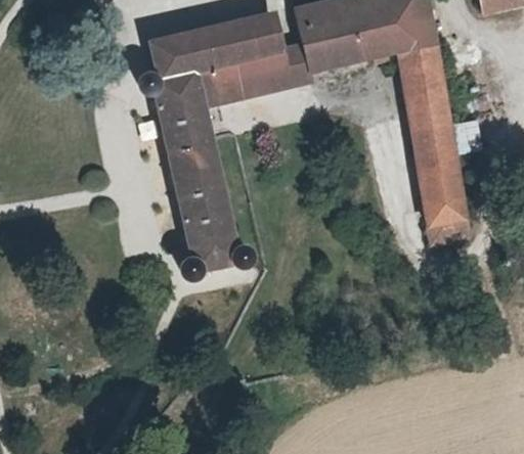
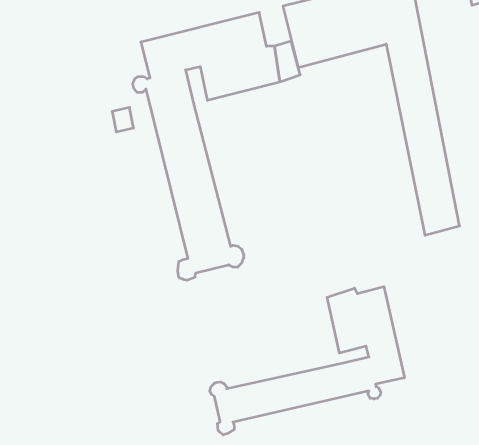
building: none -> [210,287,404,435]

